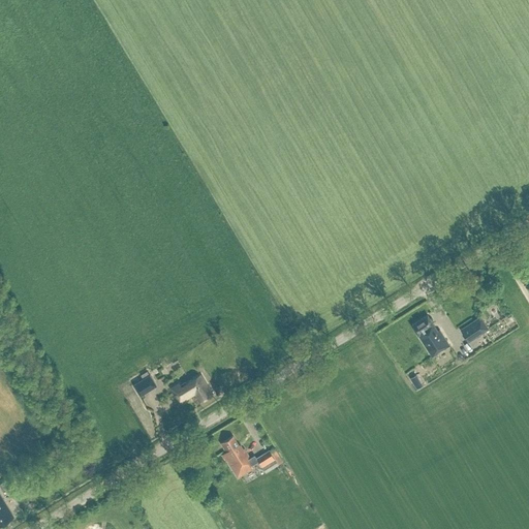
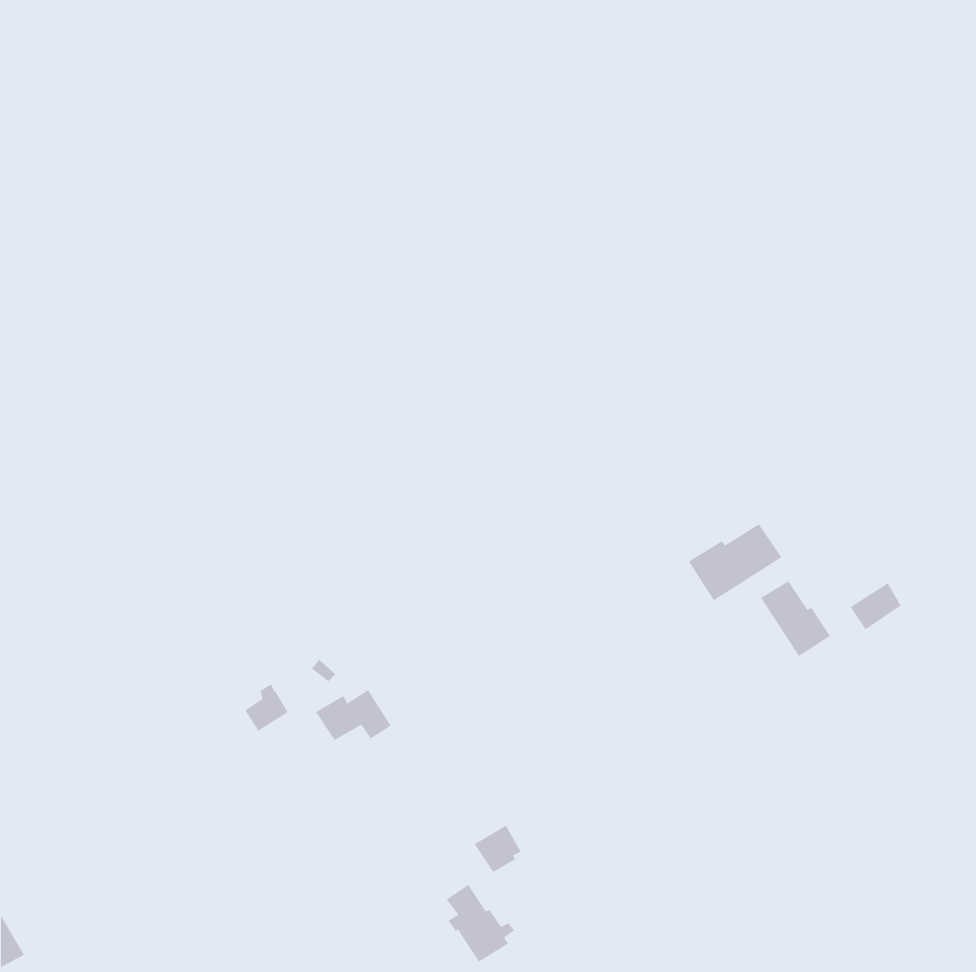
building: none -> [688,524,782,601]
building: [220,437,257,479] -> [446,884,515,962]

